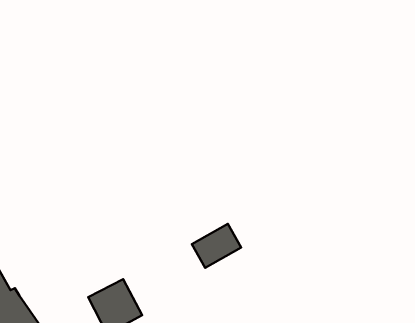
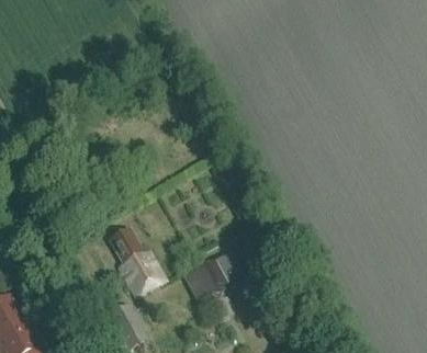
building: none -> [109,228,166,297]

